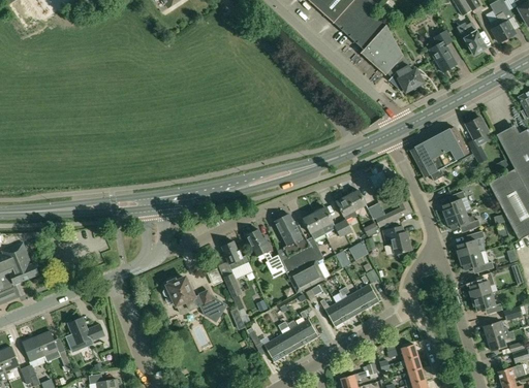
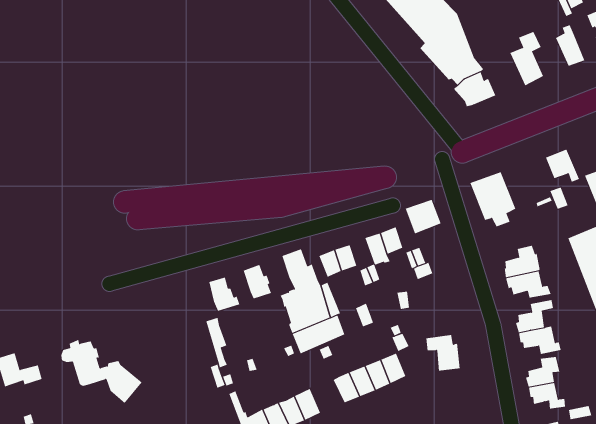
building: [433,127,468,165] -> none
building: [382,225,411,254] -> [425,334,460,371]
building: [163,278,227,322] -> [61,339,142,404]

